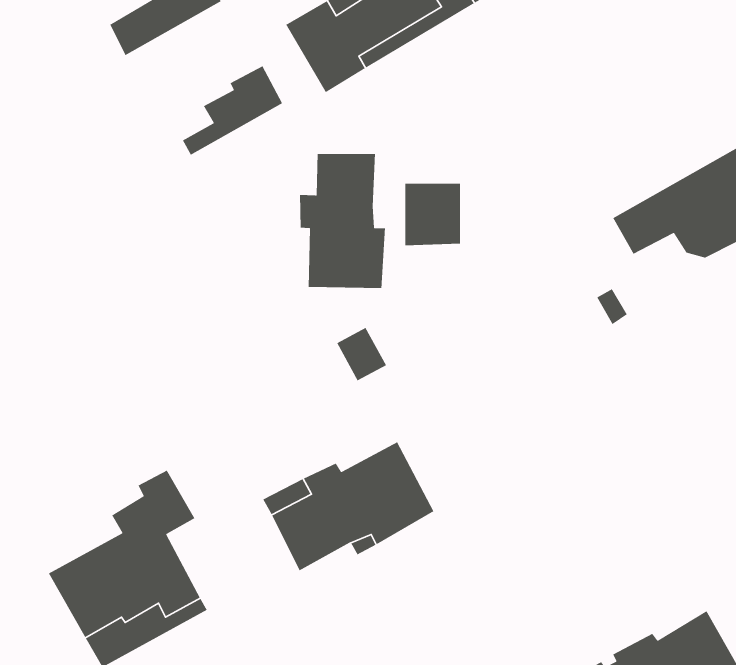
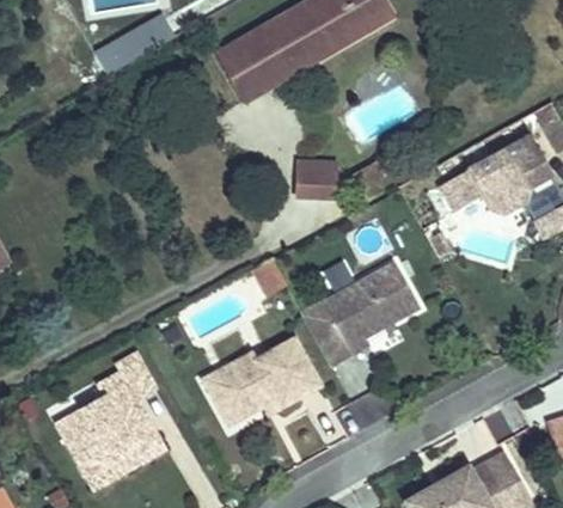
building: [182,65,283,156] -> none
building: [299,153,386,289] -> none
building: none -> [301,262,420,365]

